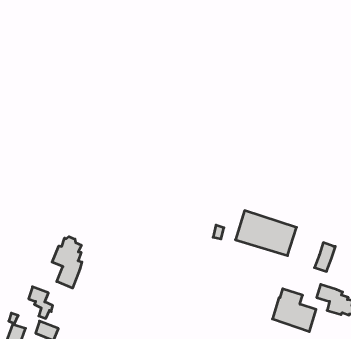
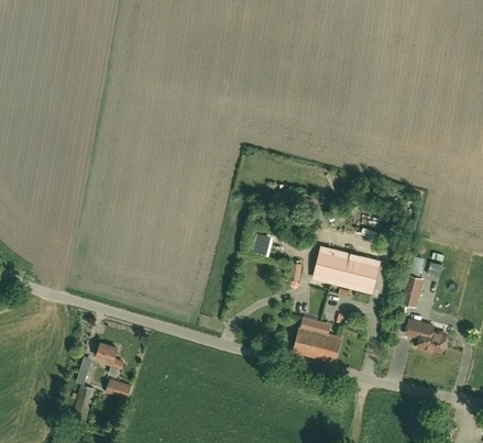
building: [52,237,82,288] -> none
building: [272,289,316,332] -> [294,318,340,362]

